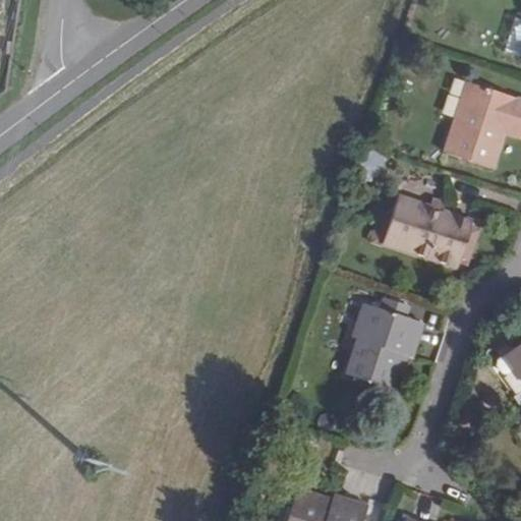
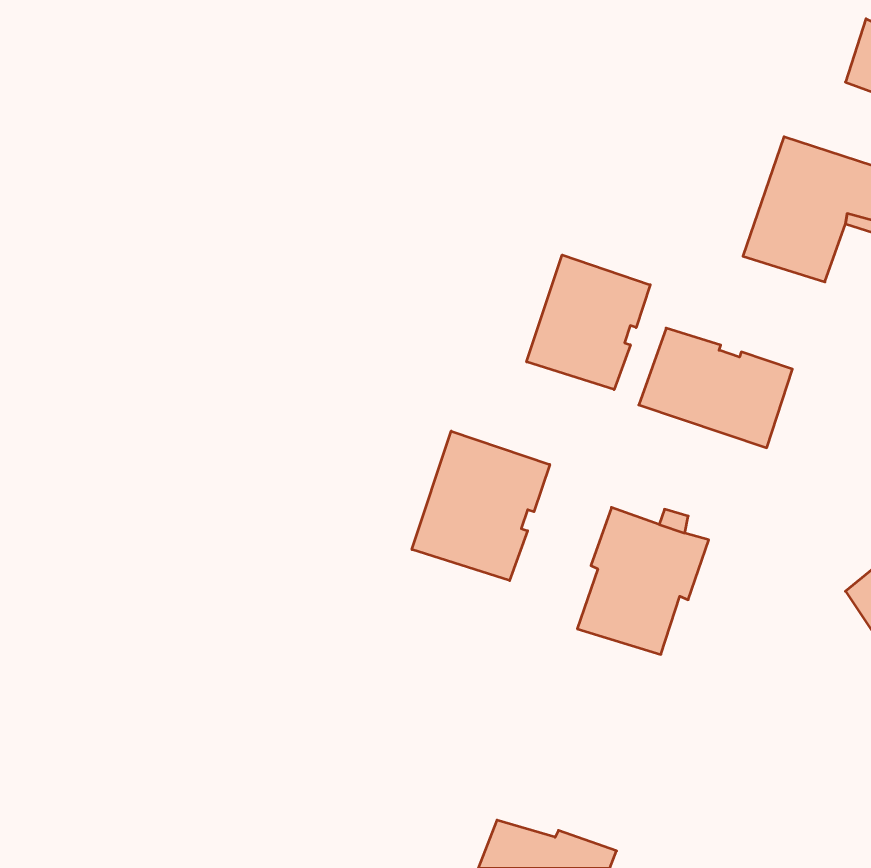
building: none -> [527,255,650,390]
building: none -> [412,431,550,581]

